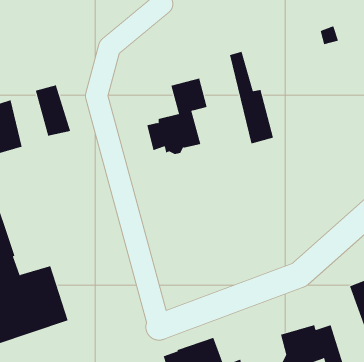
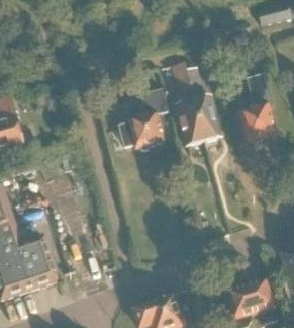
building: none -> [173,63,203,146]
building: none -> [239,75,275,142]
building: [35,84,71,137] -> none

